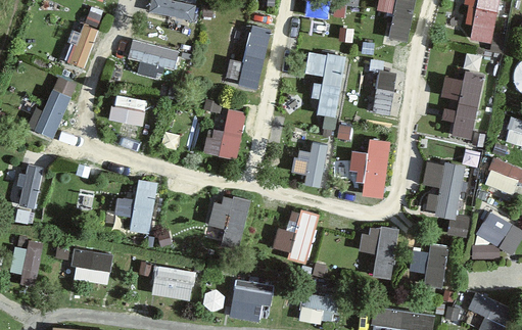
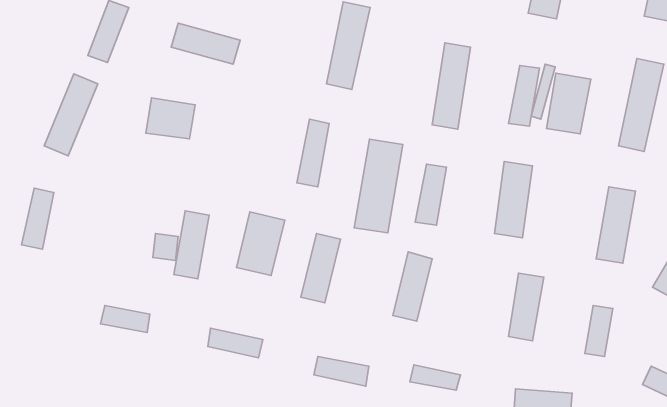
building: none -> [546,73,591,134]
building: none -> [354,139,403,233]
building: none -> [236,212,285,276]
building: [9,238,43,286] -> none

